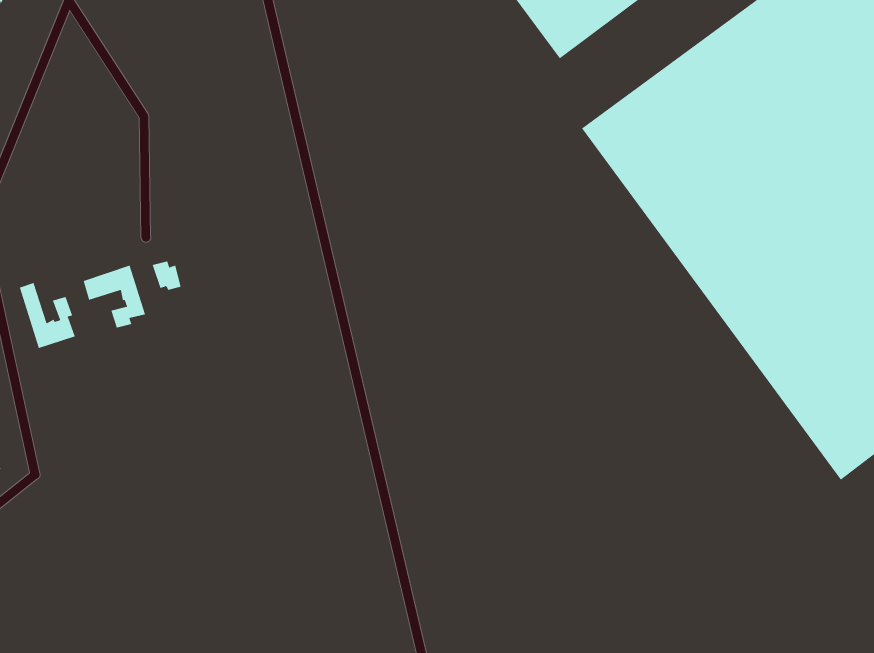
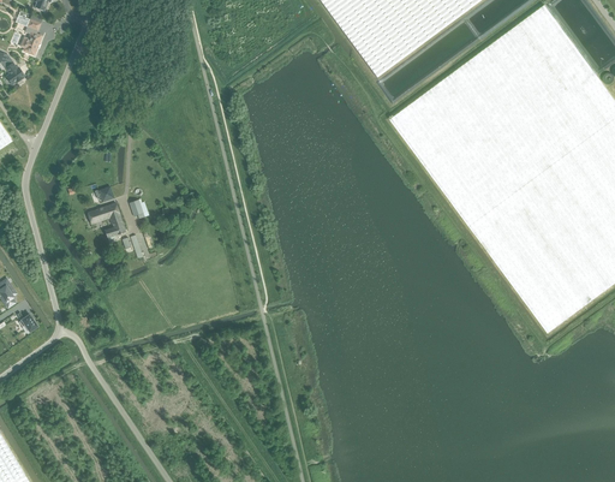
building: [19,282,76,349] -> none

